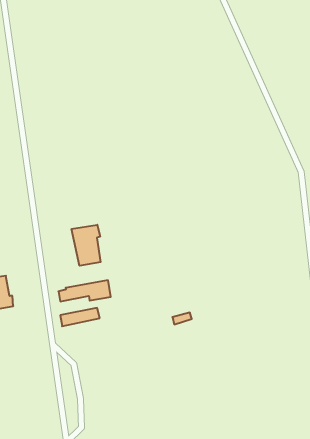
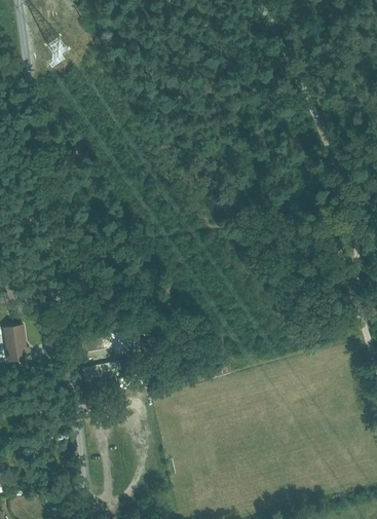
building: [72,225,101,266] -> none

